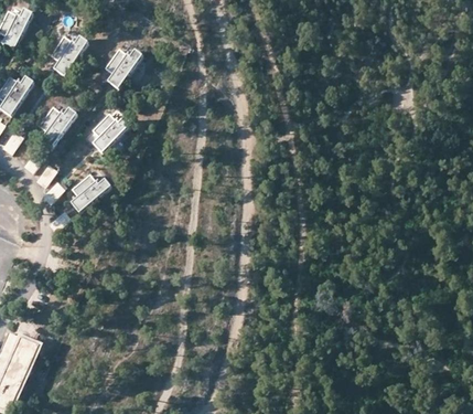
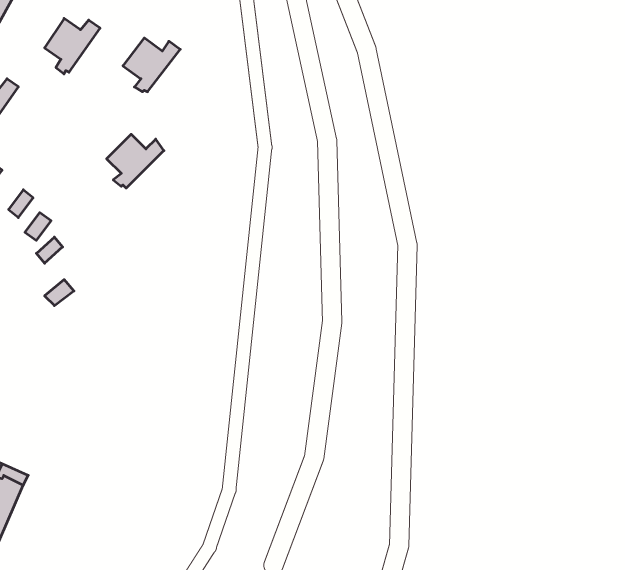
building: [39,106,77,144] -> none
building: [72,173,111,210] -> none

